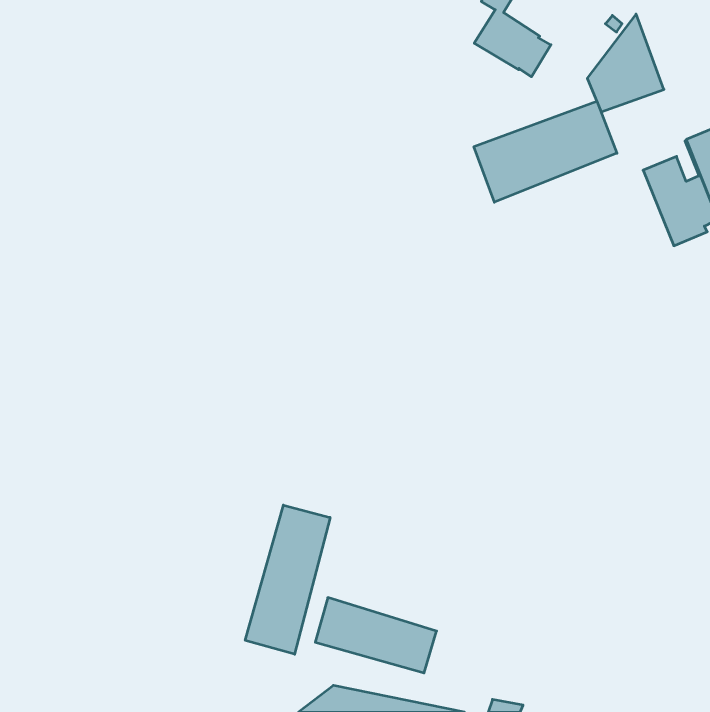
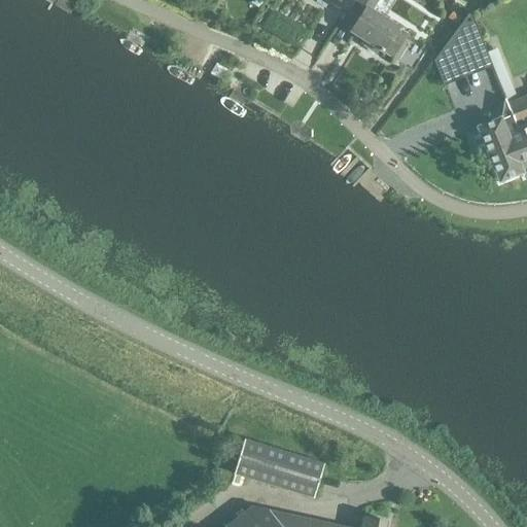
building: [474,101,617,202] -> none
building: [245,505,330,654] -> none

